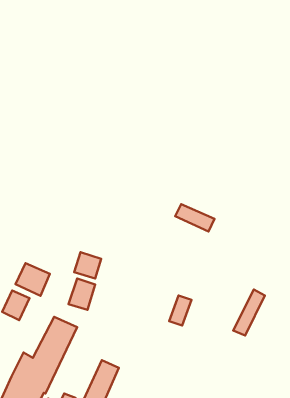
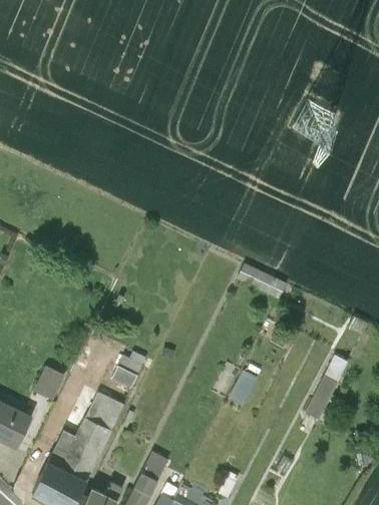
building: [74,252,101,278] -> none
building: [16,263,50,296] -> none

